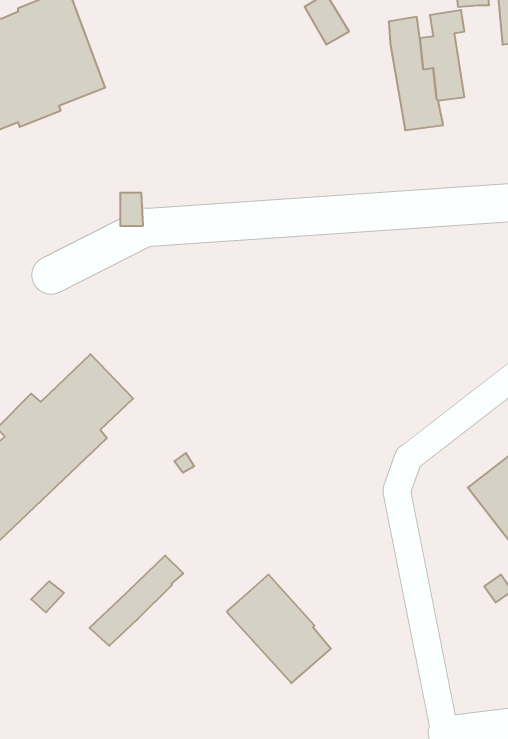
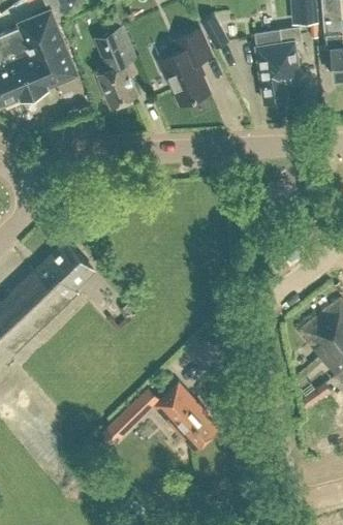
building: none -> [96,27,138,109]
building: none -> [158,31,211,105]
building: [89,555,183,646] -> [101,388,160,444]

